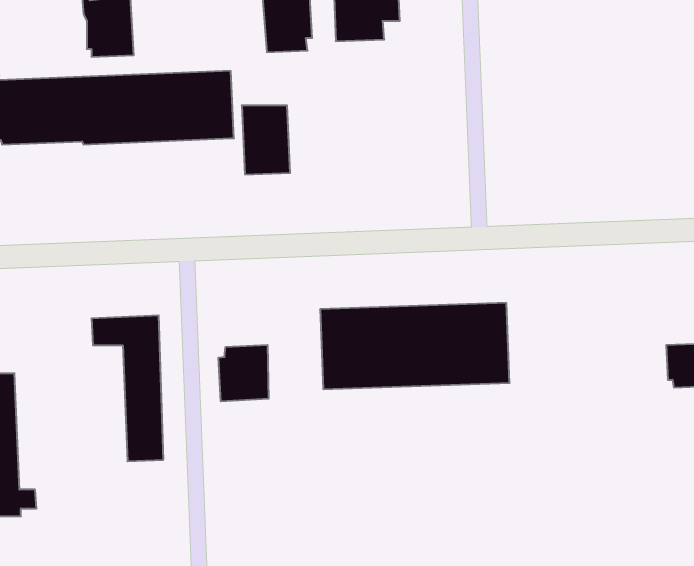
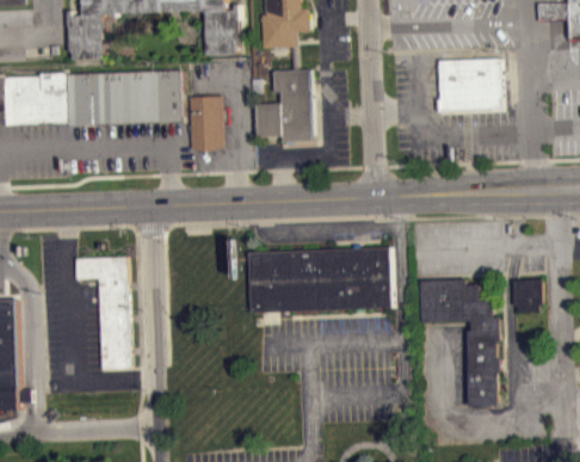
building: none -> [437,58,501,112]
building: none -> [257,69,311,142]
building: [219,345,269,401] -> none
building: none -> [419,279,500,406]

